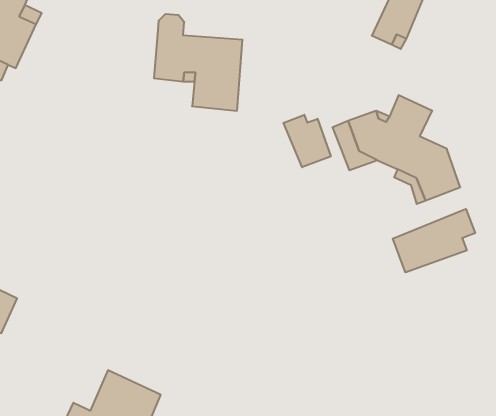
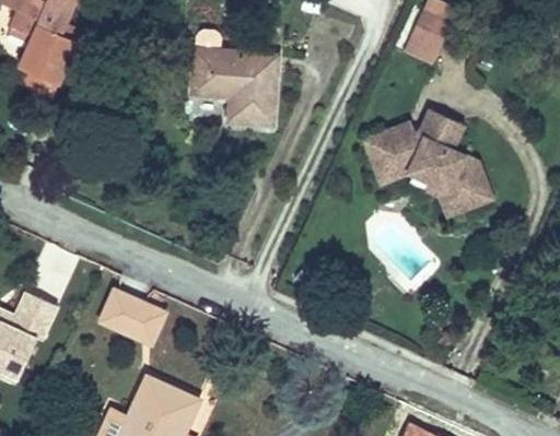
building: [284,115,331,167] -> none
building: [393,209,475,272] -> none
building: none -> [101,290,164,343]

